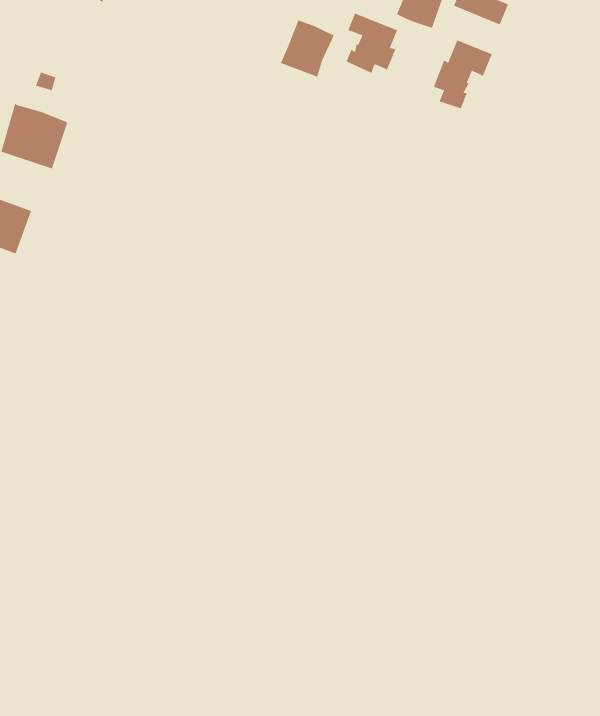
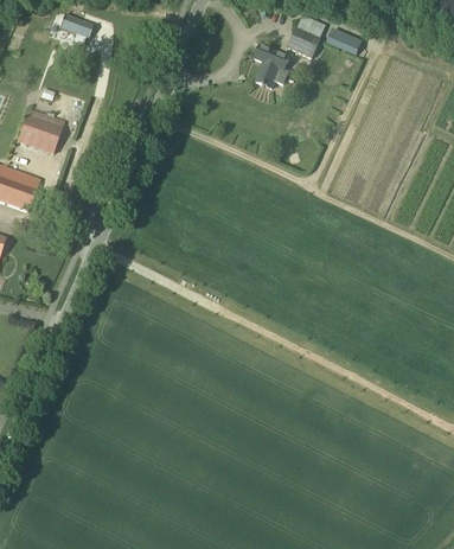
building: [280,20,335,78] -> none
building: [433,40,492,109] -> none

